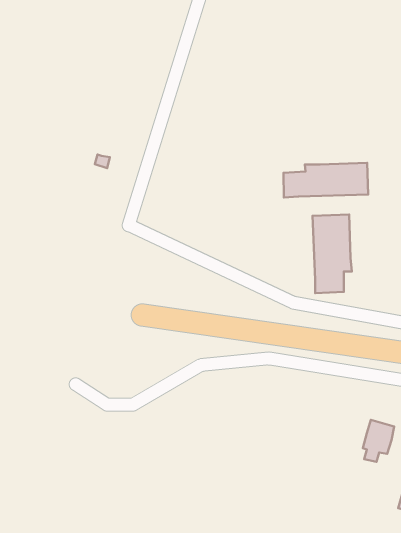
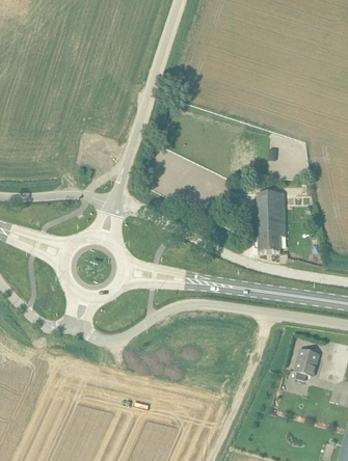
building: [283,163,368,198] -> none

